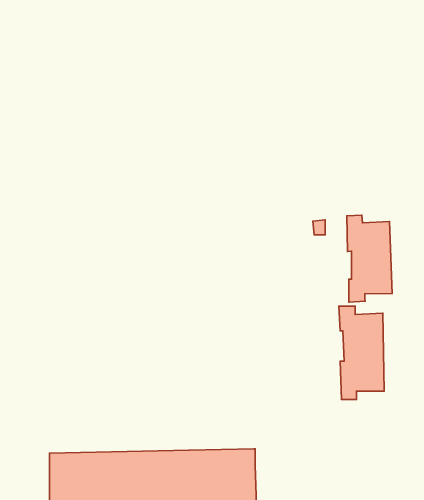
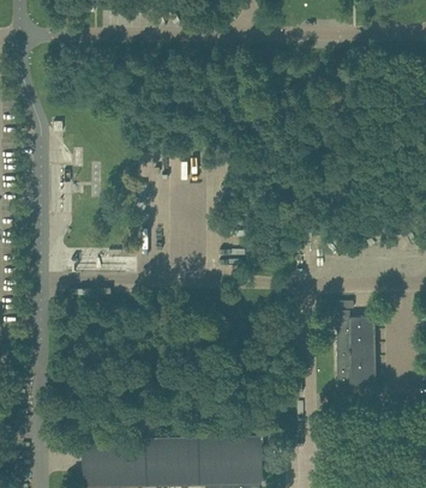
building: [347,215,392,302] -> none

